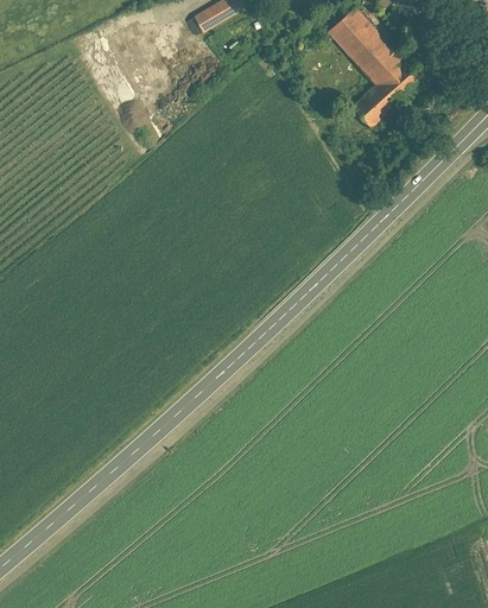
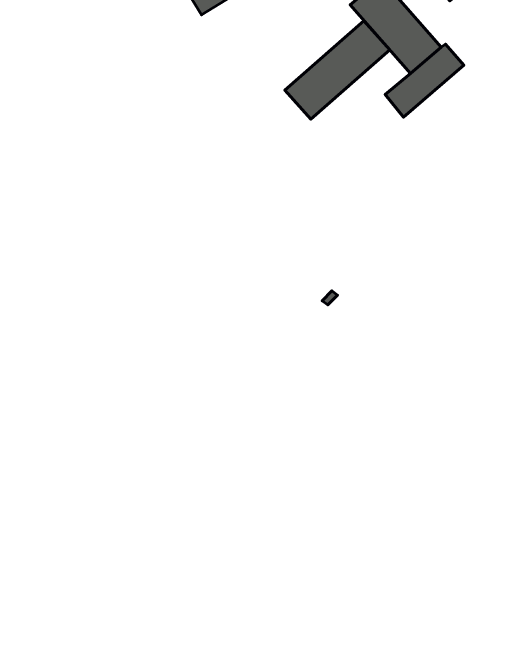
building: none -> [285,21,390,119]

